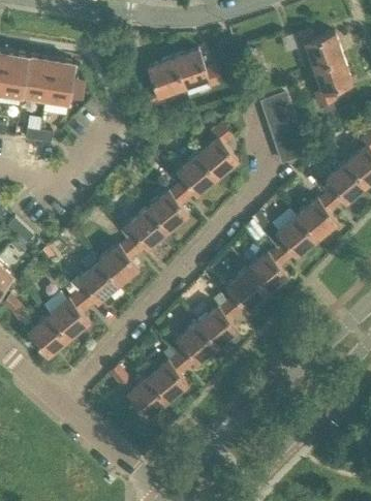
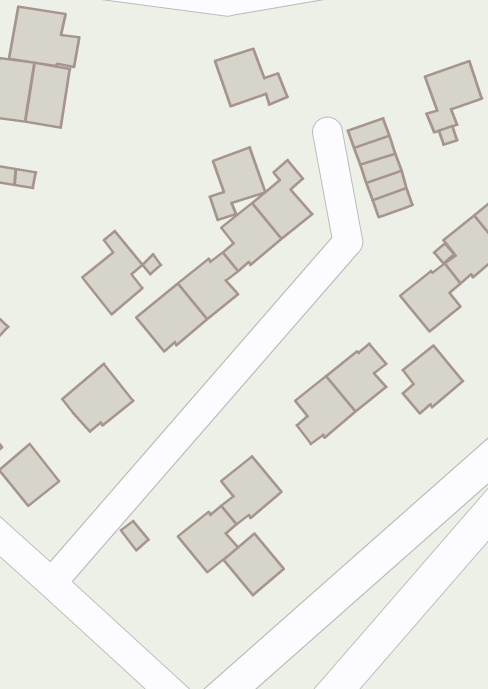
building: none -> [9,7,79,67]
building: [295,32,343,70] -> none
building: [146,60,183,108] -> [210,147,265,220]
building: [276,217,316,262] -> [403,346,463,413]
building: [98,231,138,287] -> [82,231,142,314]
building: [49,295,89,341] -> none
building: [197,304,238,348] -> none
building: [127,378,167,419] -> [224,534,284,595]

